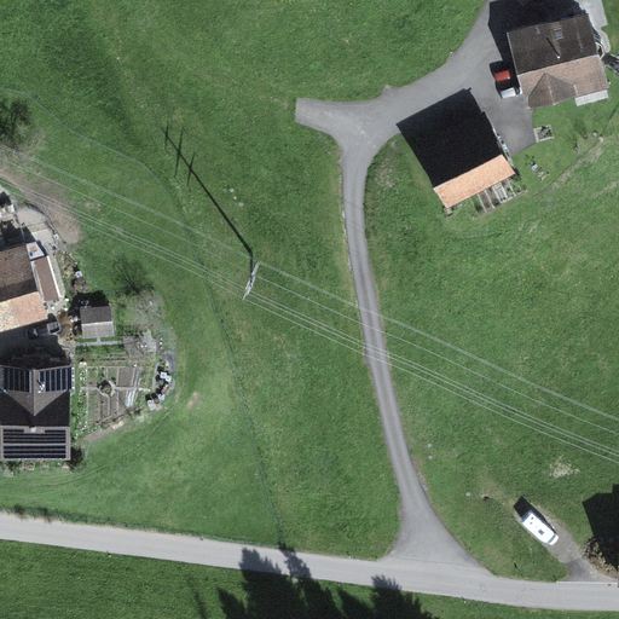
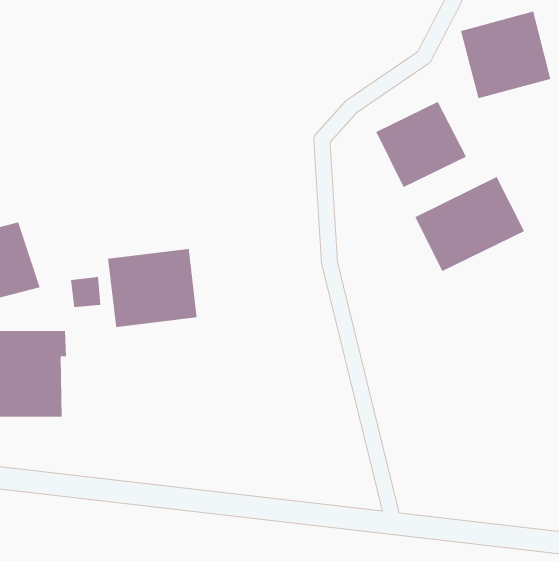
building: none -> [414,176,525,272]
building: none -> [108,248,197,328]

